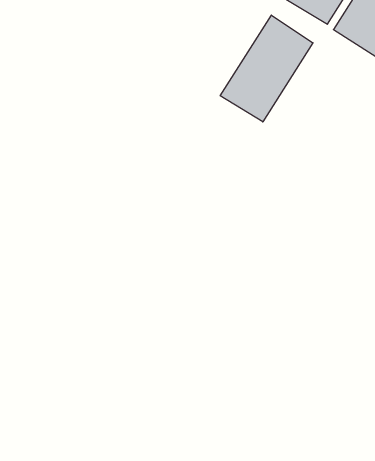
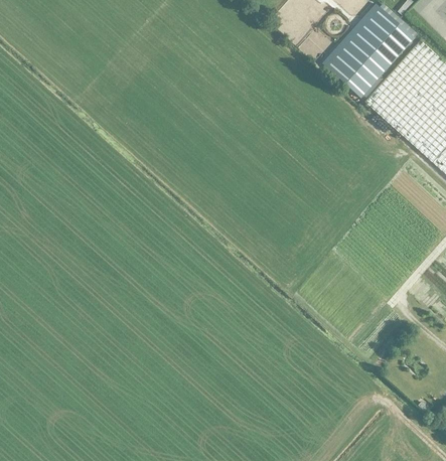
building: [220,15,313,122] -> none

